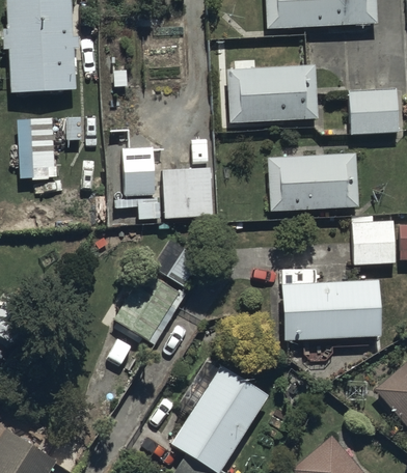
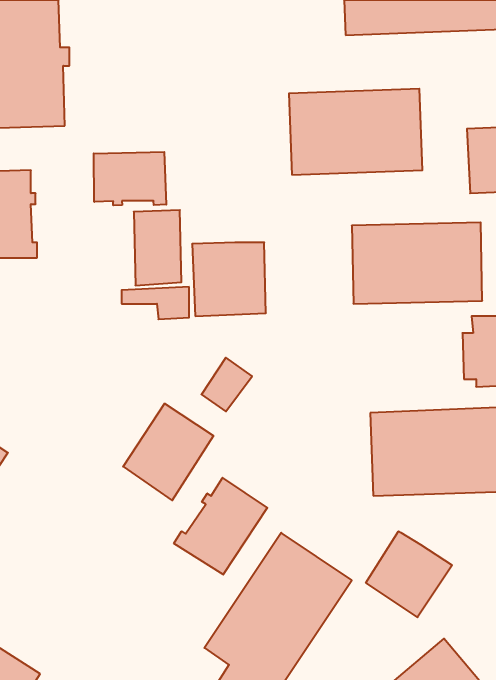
building: none -> [94,152,166,205]
building: none -> [174,478,267,575]
building: none -> [366,531,452,617]

